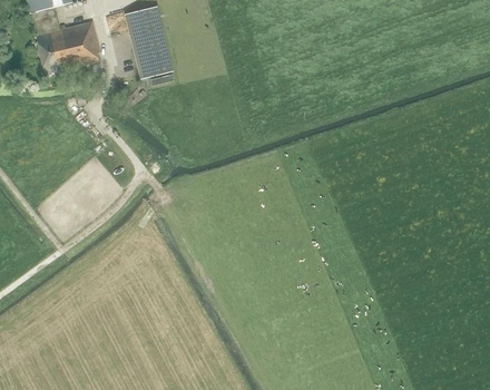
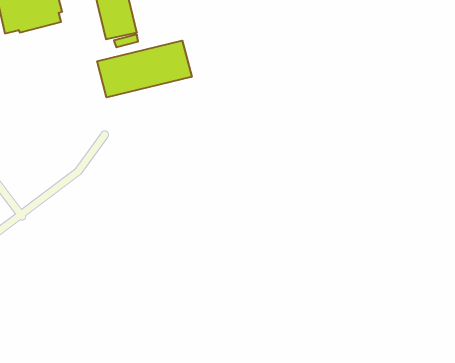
building: none -> [97,41,192,97]

